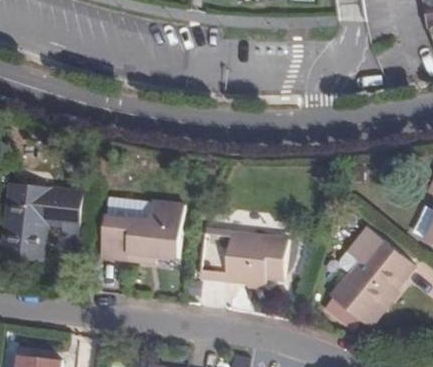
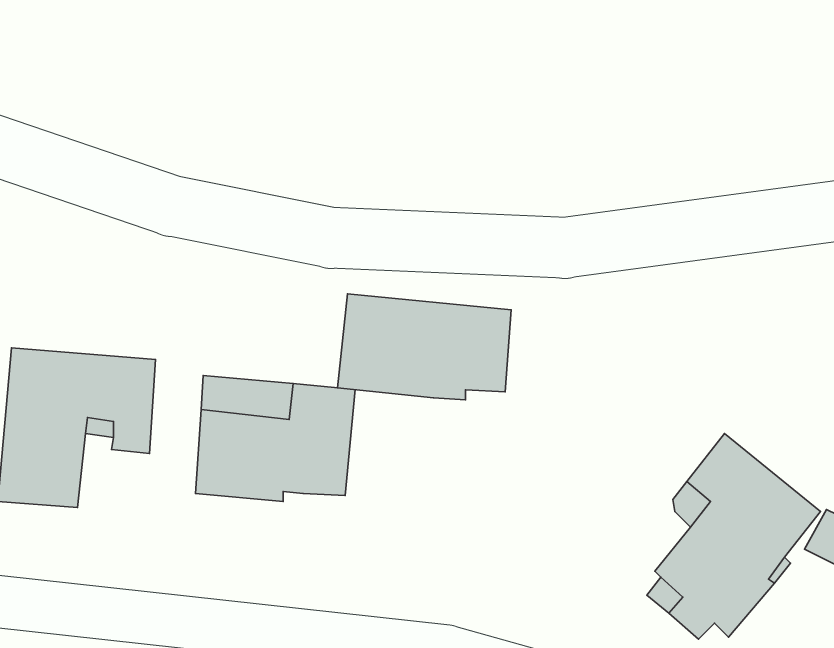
building: [197,229,284,282] -> [338,294,511,400]

